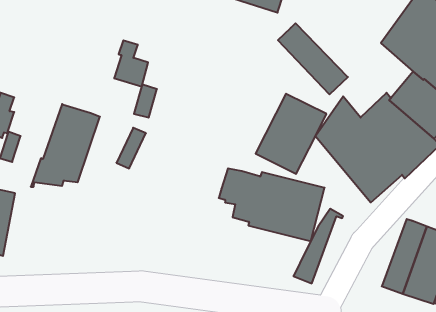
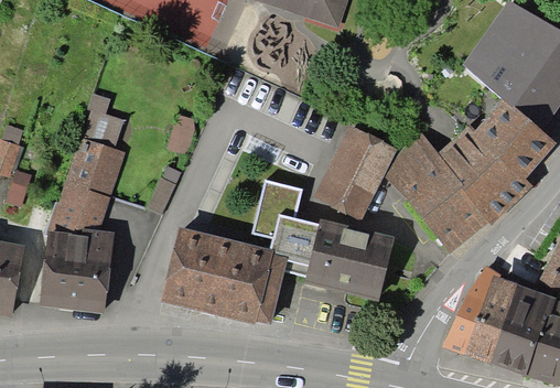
building: [278,23,348,94] -> none
building: [114,40,148,86] -> [83,91,123,147]
building: none -> [252,179,303,237]
building: none -> [160,226,289,324]
building: none -> [40,227,115,312]
building: [293,209,343,283] -> [442,265,502,354]

